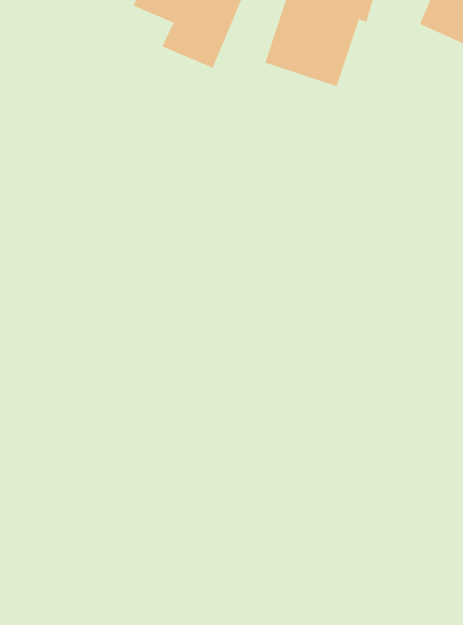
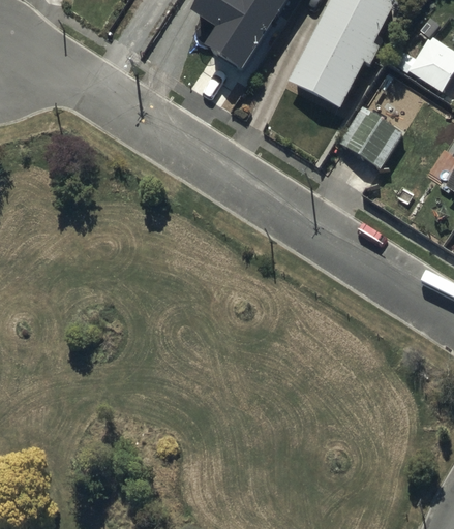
building: none -> [339,100,403,168]

